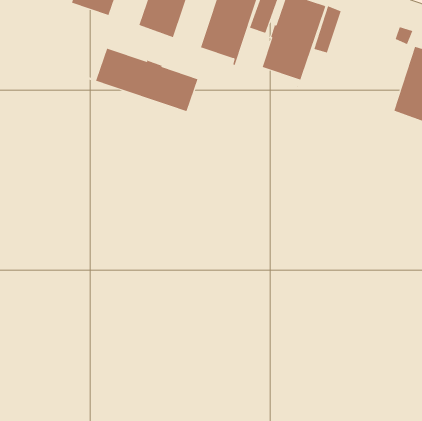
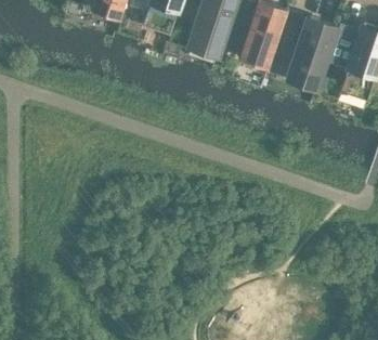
building: none -> [289,17,337,90]
building: [84,48,198,115] -> none

